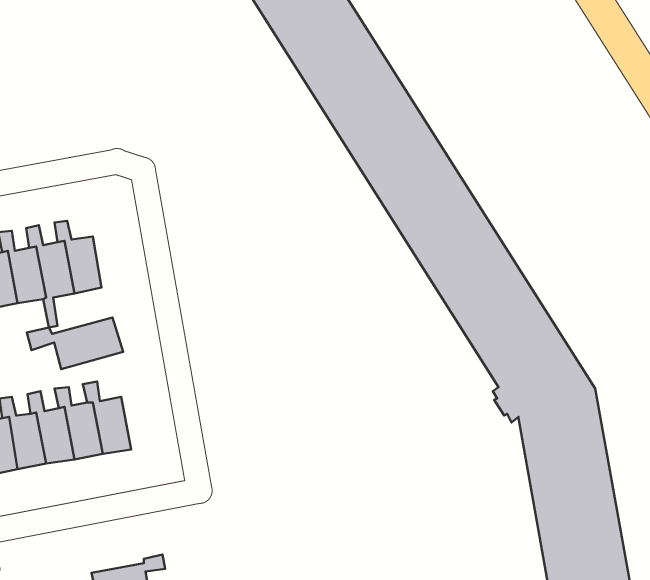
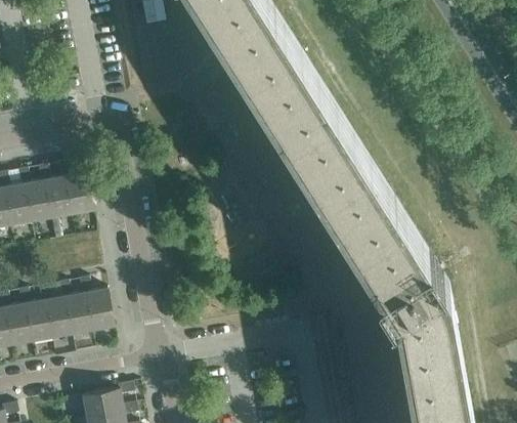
building: [27,318,123,369] -> none
building: none -> [77,384,129,417]

